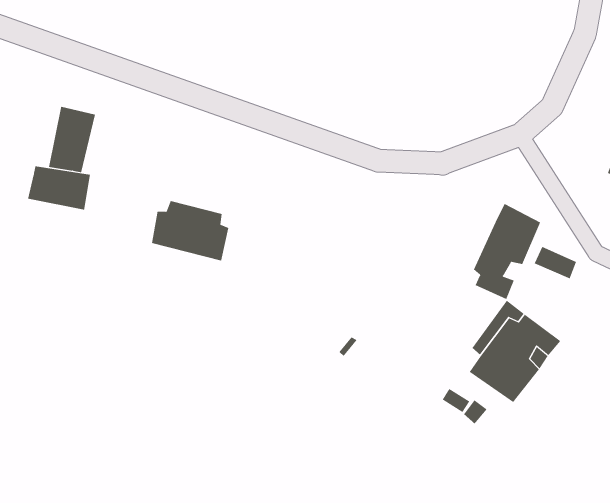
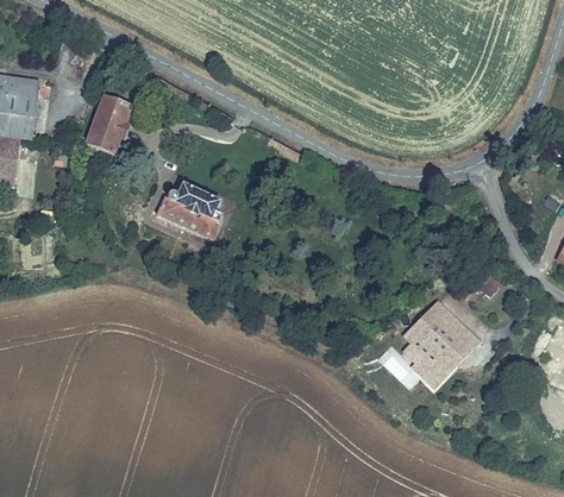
building: [28,166,91,211] -> none
building: [473,203,541,300] -> none

